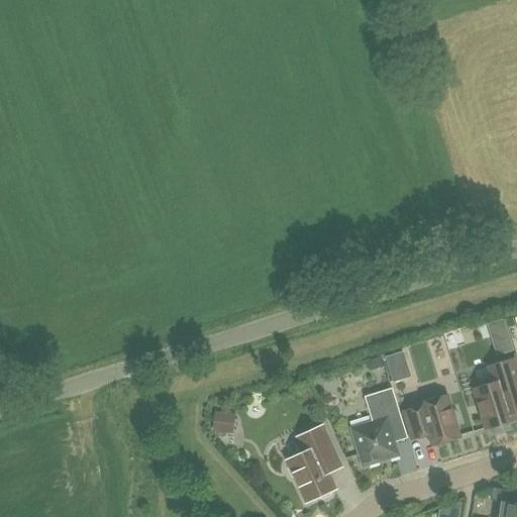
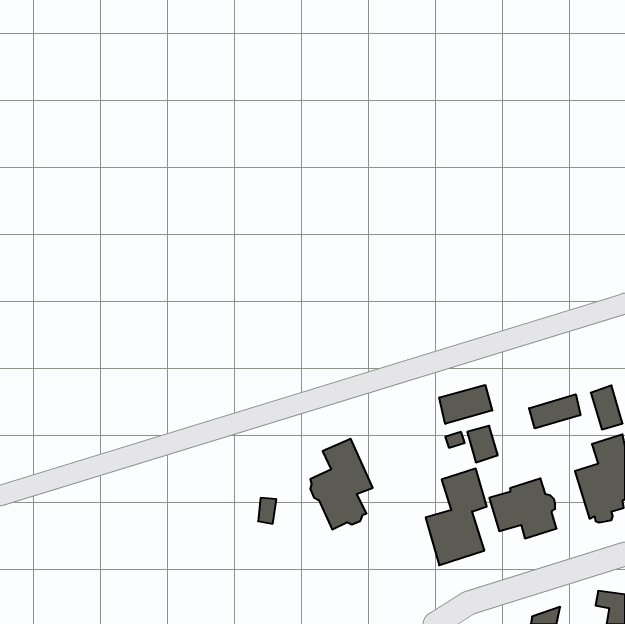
building: none -> [439,385,492,424]
building: none -> [529,394,580,428]
building: [289,426,340,501] -> [310,439,373,529]

